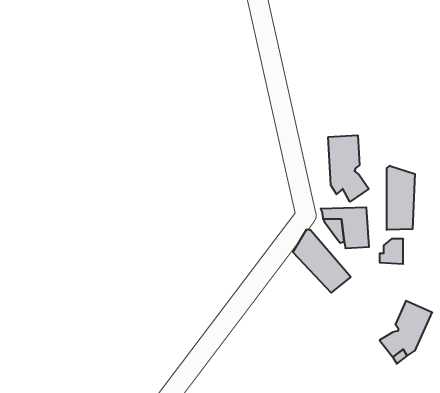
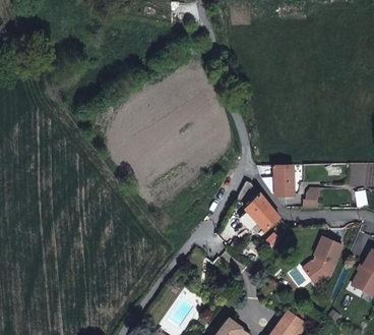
building: [328,135,369,202] -> none
building: [387,166,415,230] -> none

